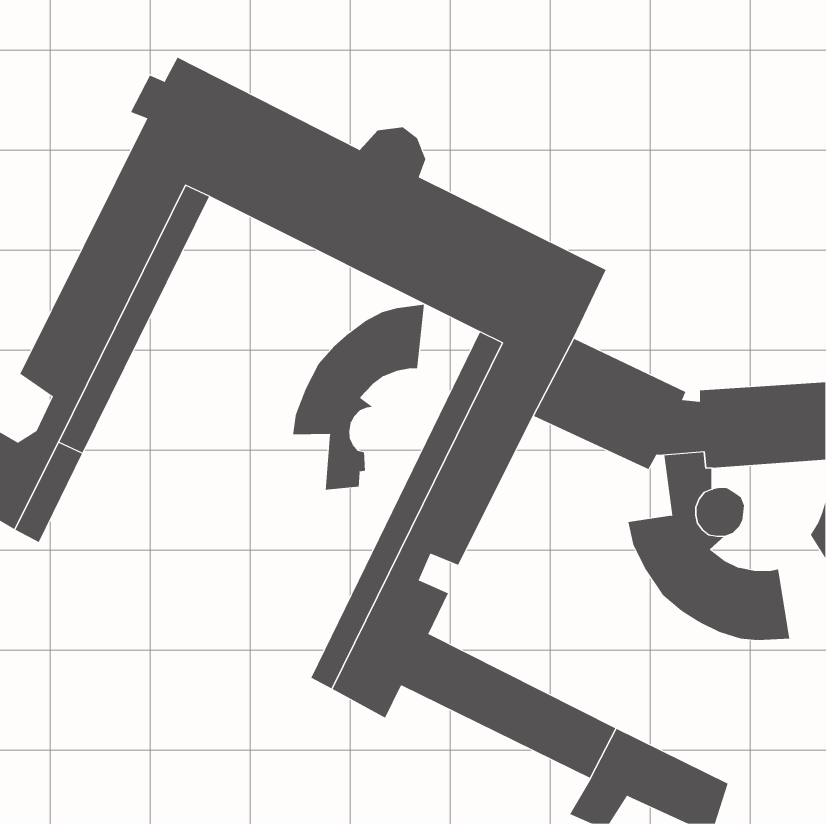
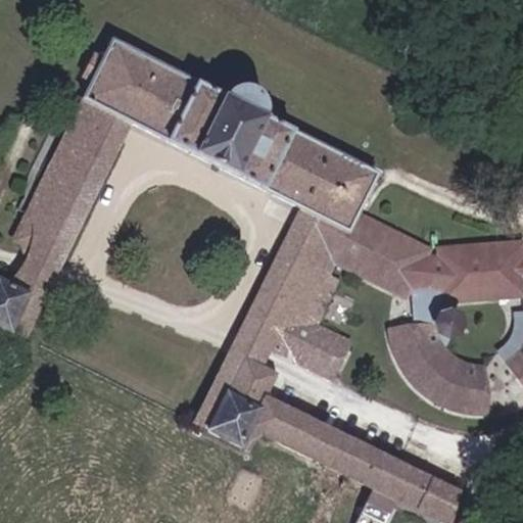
building: [292,304,424,490] -> none
building: none -> [293,274,354,376]

